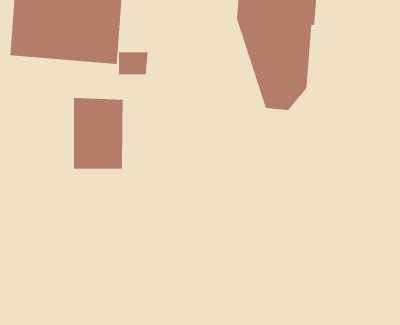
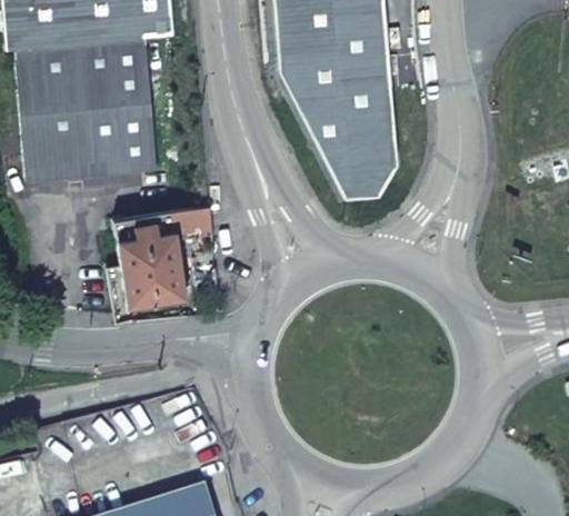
building: [118,52,149,75] -> [172,207,211,240]

